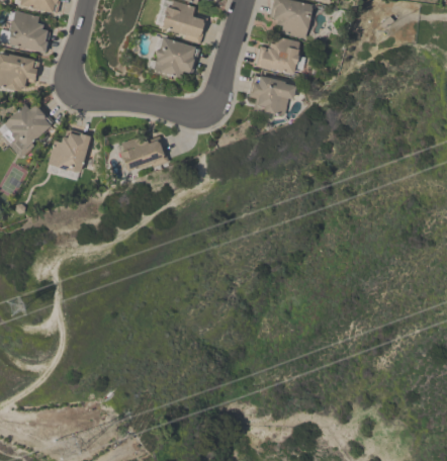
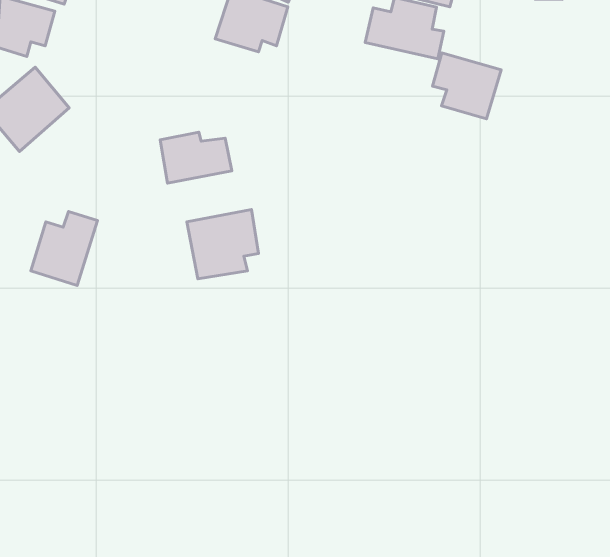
building: [249,75,295,118] -> [432,53,501,119]
building: [47,129,90,180] -> [31,211,97,286]
building: none -> [187,210,259,279]

